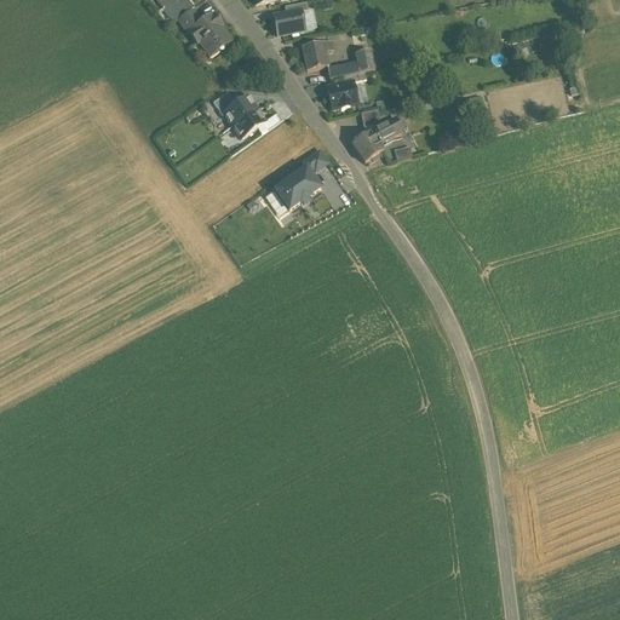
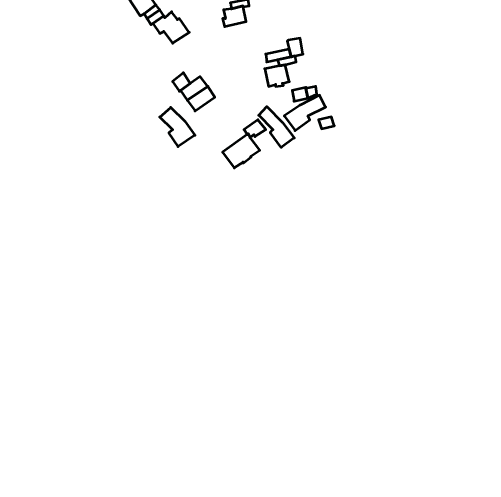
building: [300,40,331,68] -> none
building: none -> [259,107,294,147]
building: none -> [160,107,195,147]

